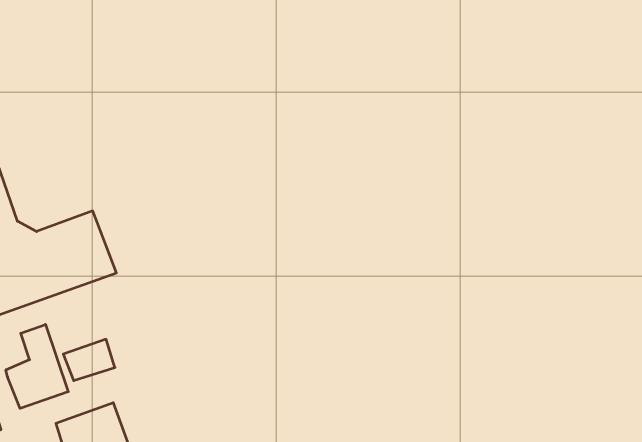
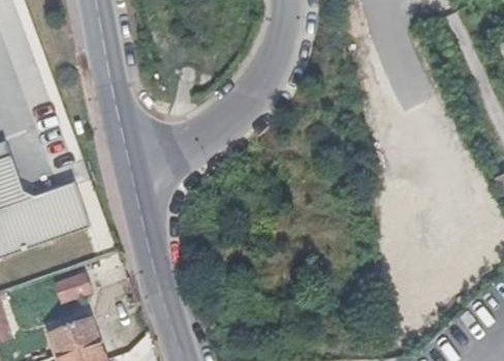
building: [6,324,68,408] -> none

